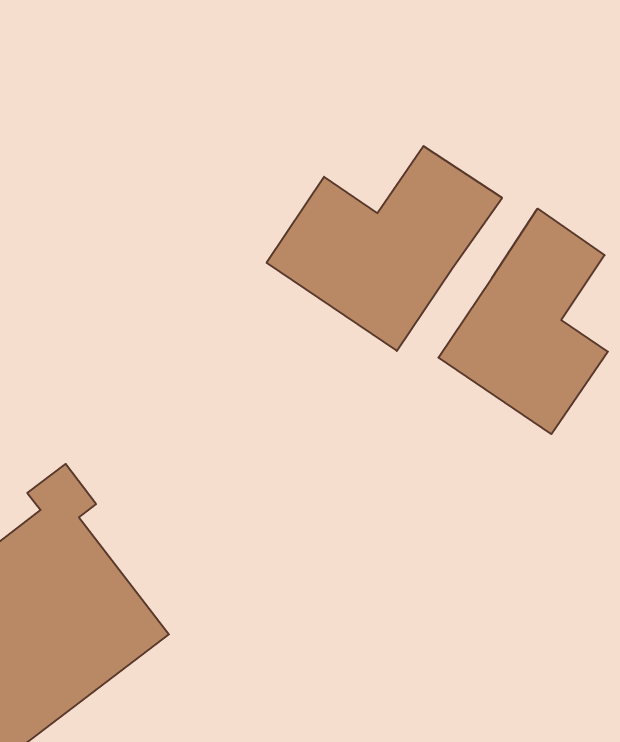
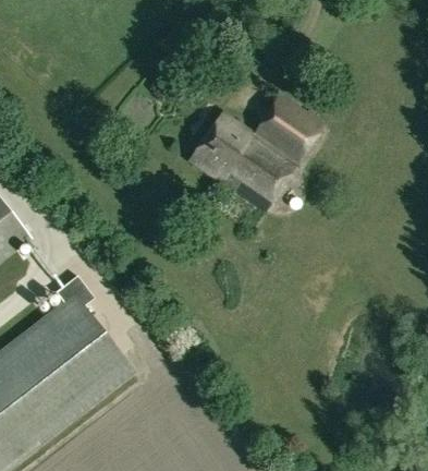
building: [438,209,608,434] -> none

